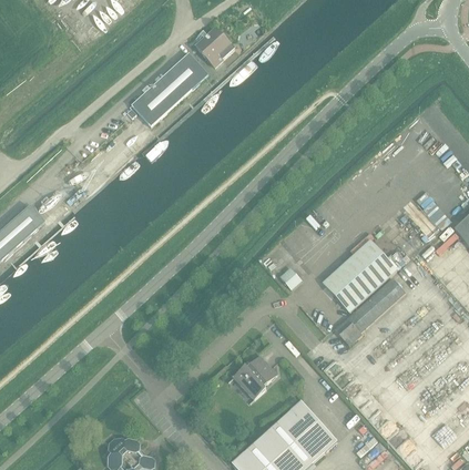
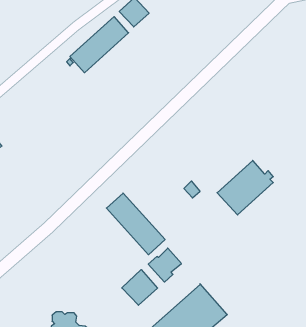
building: [335,278,405,345] -> none
building: none -> [106,193,165,255]
building: none -> [122,270,158,305]

